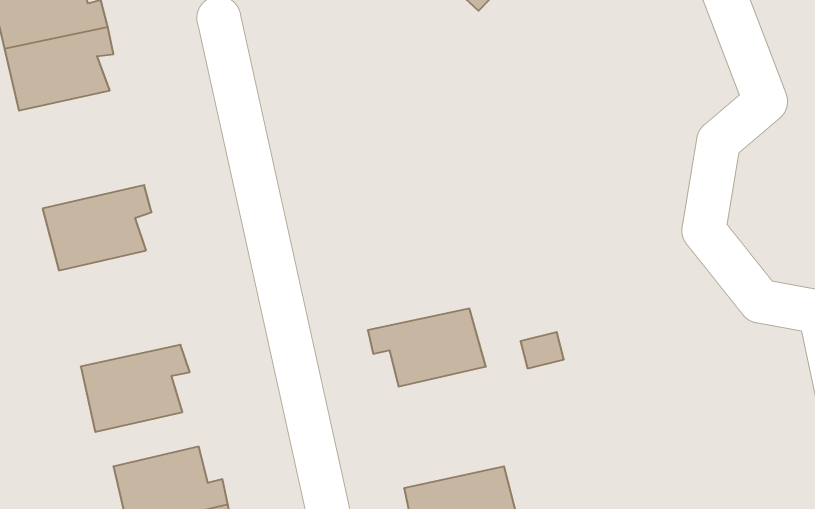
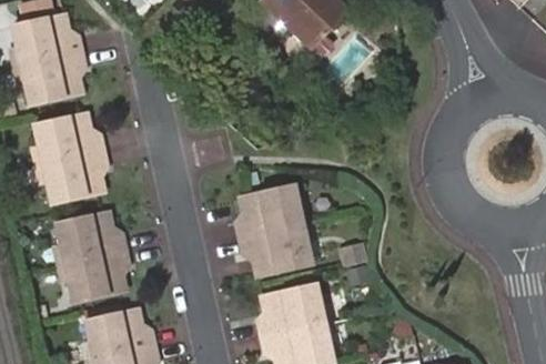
building: none -> [34,113,105,164]
building: none -> [239,185,304,239]
building: none -> [58,212,128,261]
building: none -> [261,284,325,335]

